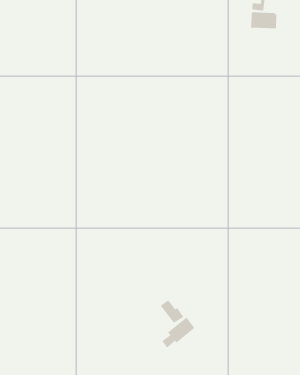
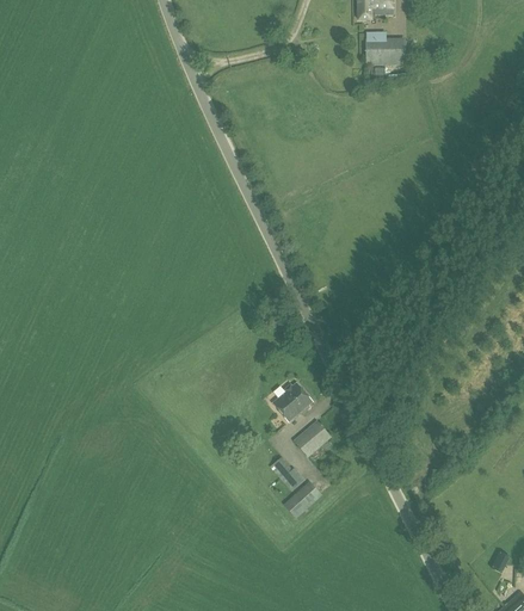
building: none -> [272,382,312,421]
building: none -> [292,419,331,456]

